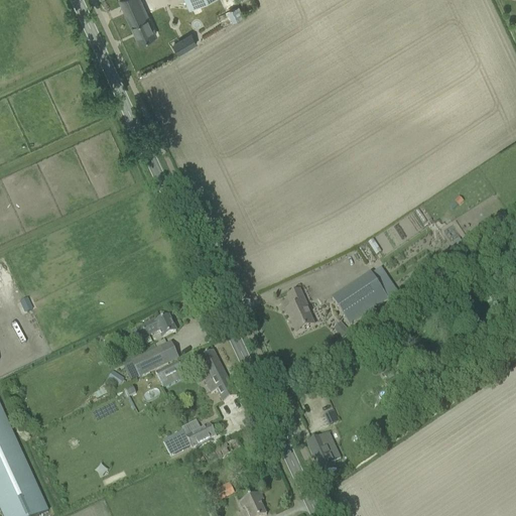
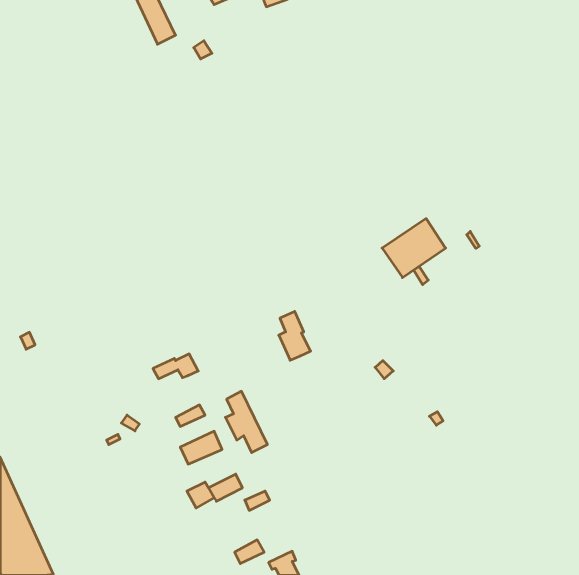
building: [332,270,388,322] -> [382,219,446,278]
building: [286,287,314,331] -> [279,311,311,360]
building: [131,345,168,374] -> [180,431,222,464]
building: [306,430,342,474] -> none

